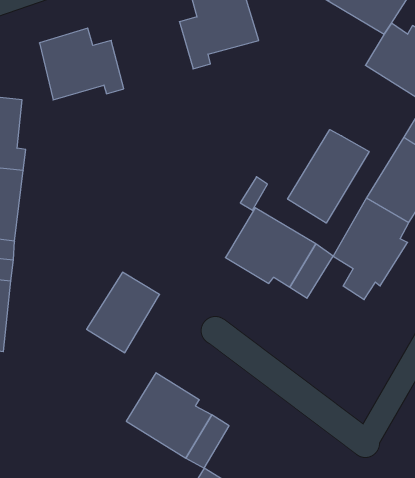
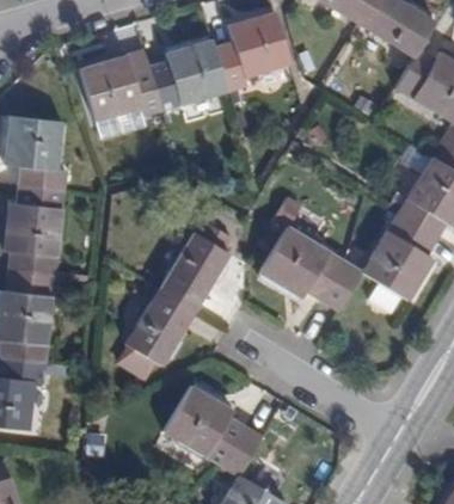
building: none -> [149,36,228,110]
building: [288,130,369,223] -> none
building: none -> [160,232,229,308]

